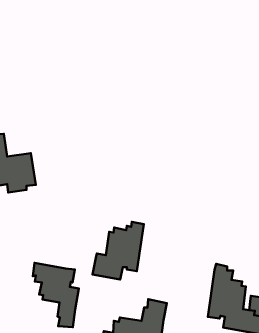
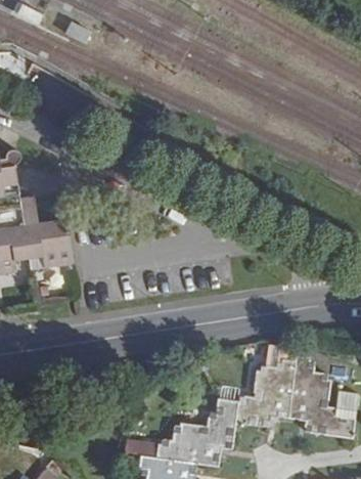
building: [92,222,144,280] -> [229,359,291,430]
building: [33,263,79,327] -> none

